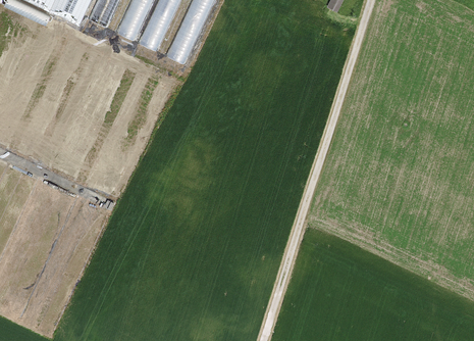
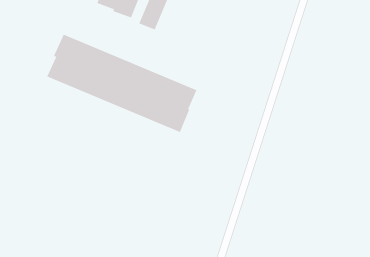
building: none -> [47,34,197,133]

